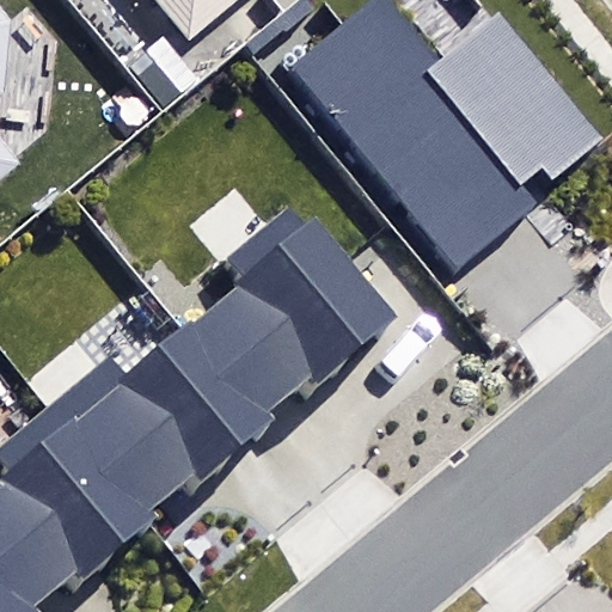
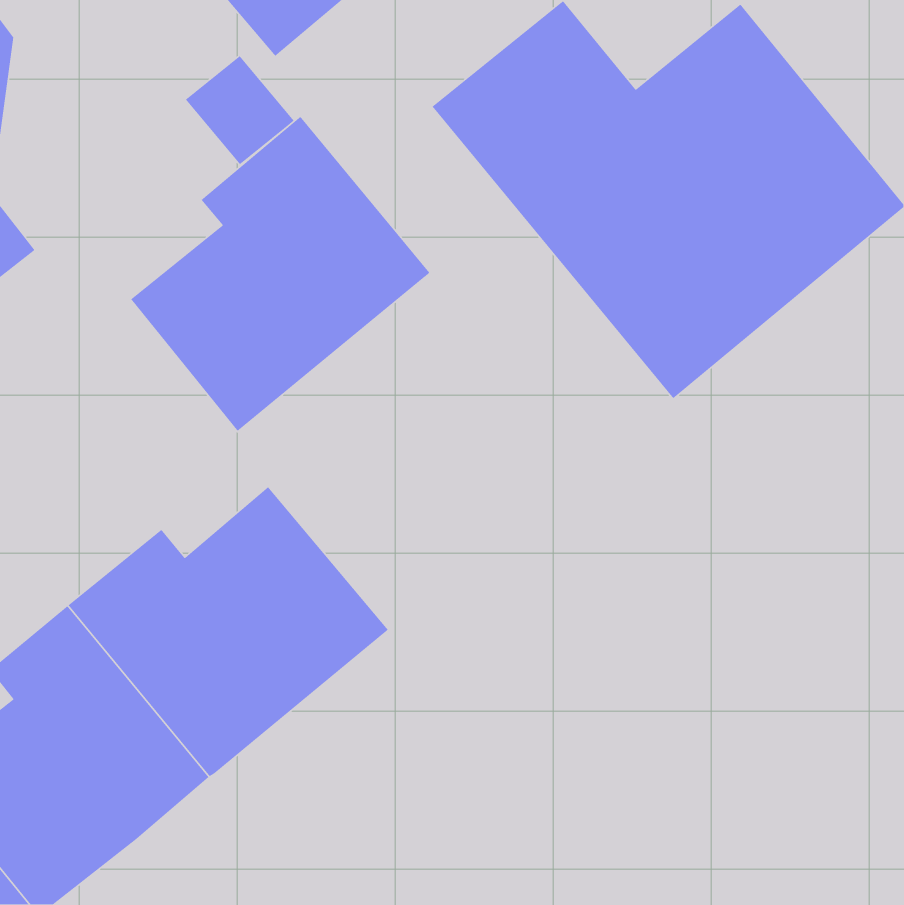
building: none -> [130,116,430,432]
building: [180,219,393,424] -> none

